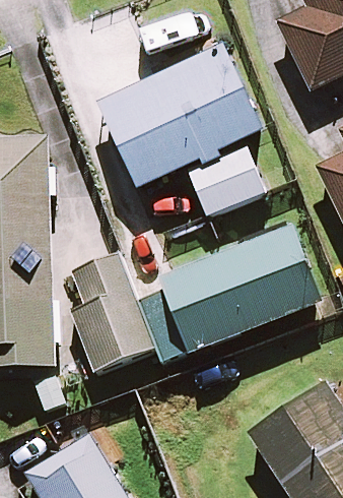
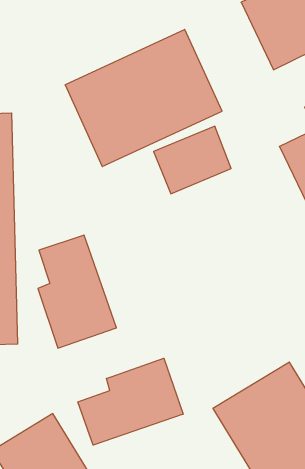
building: [160,227,322,352] -> none
building: none -> [78,358,183,445]

